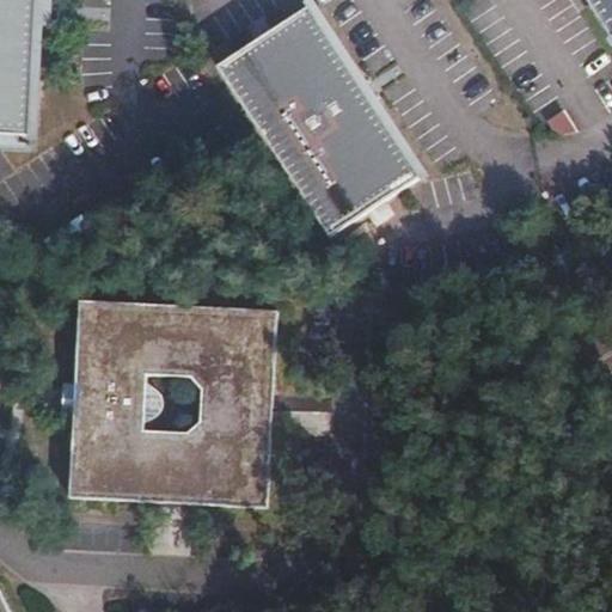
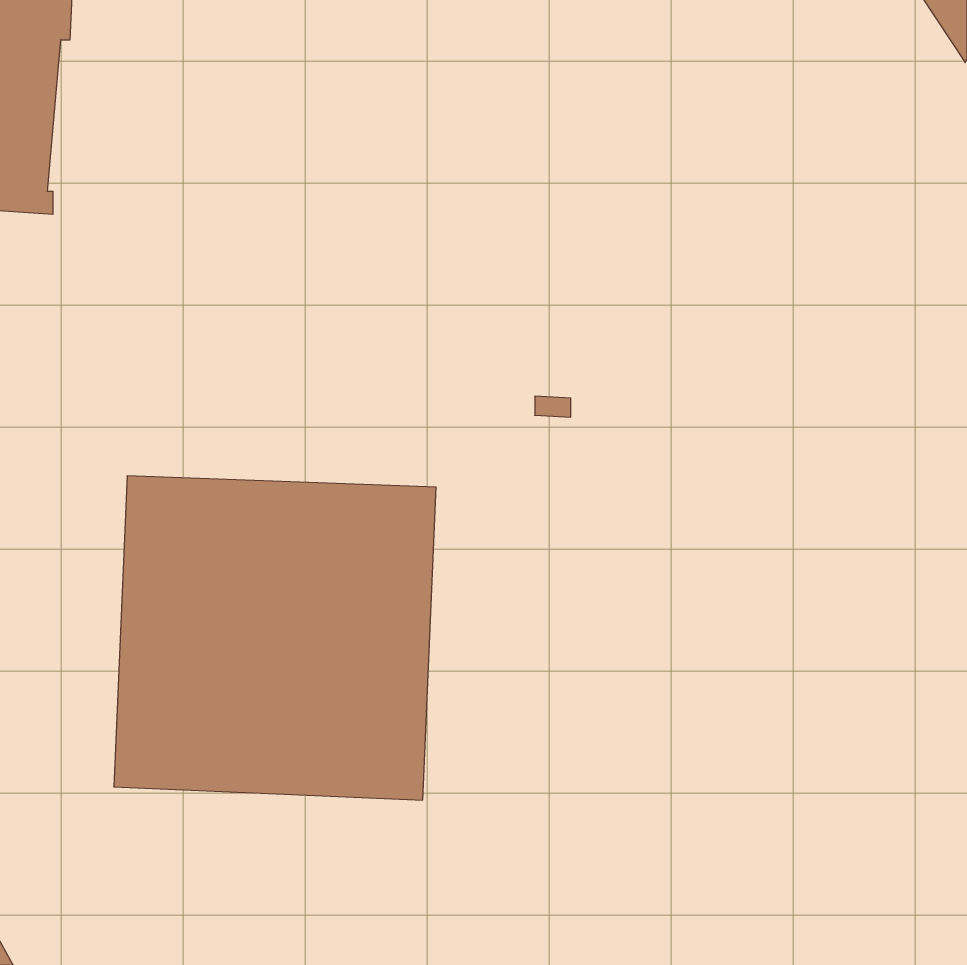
building: [215,5,420,238] -> none

